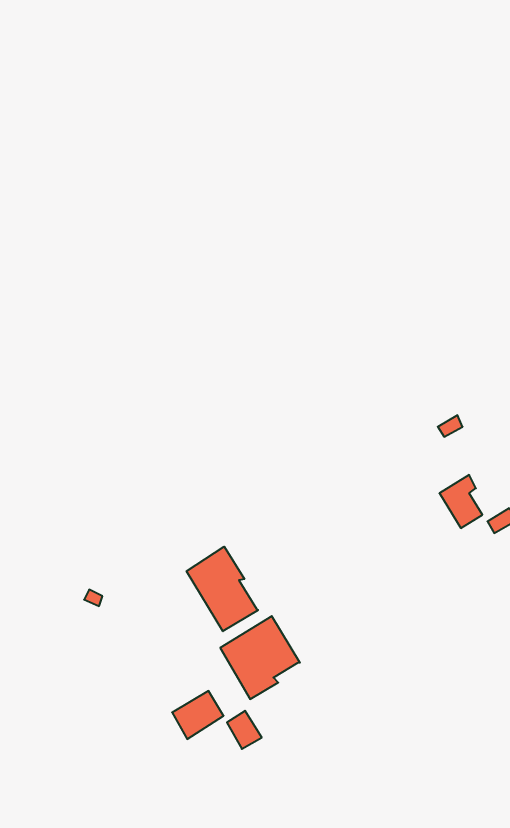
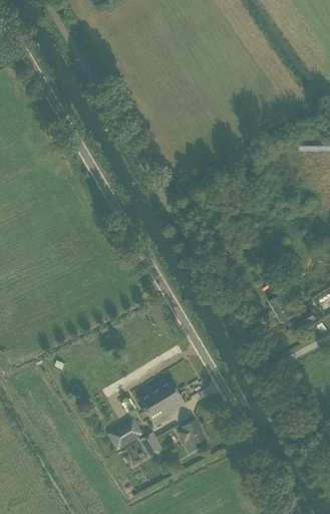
building: [187,547,258,631] -> none
building: none -> [177,419,205,454]

